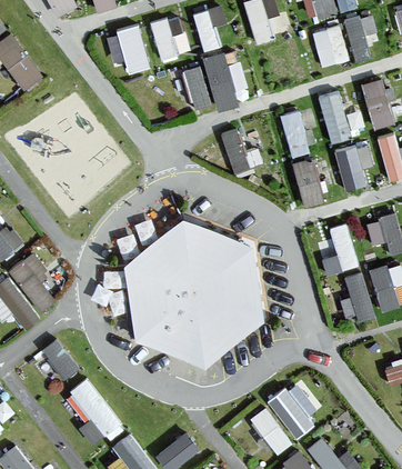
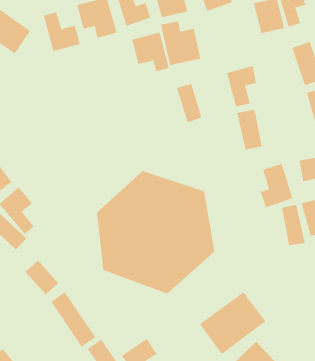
building: none -> [43,11,81,52]
building: [316,90,353,143] -> none
building: [333,143,373,191] -> none

